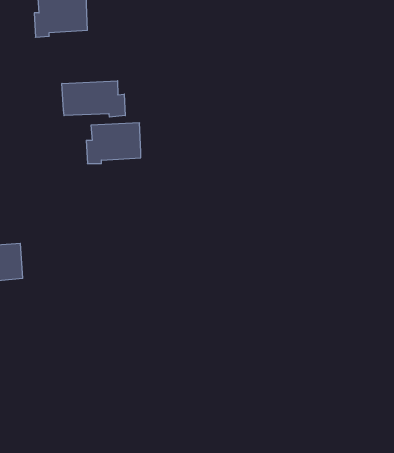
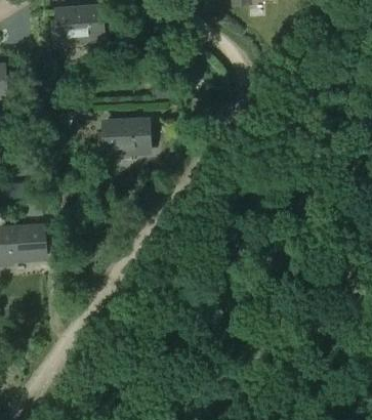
building: [62,81,125,117] -> none

